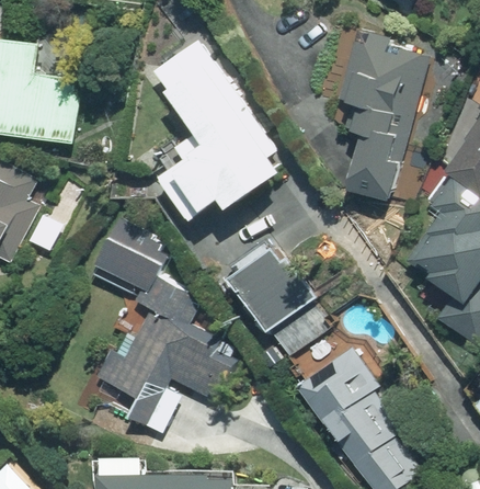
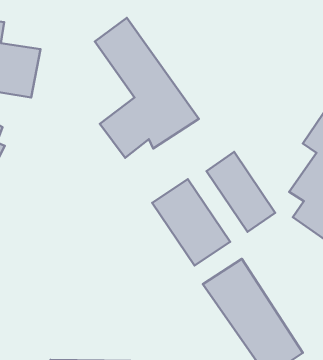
building: [339,30,428,200] -> none
building: none -> [206,152,275,232]
building: [94,216,238,406] -> none

